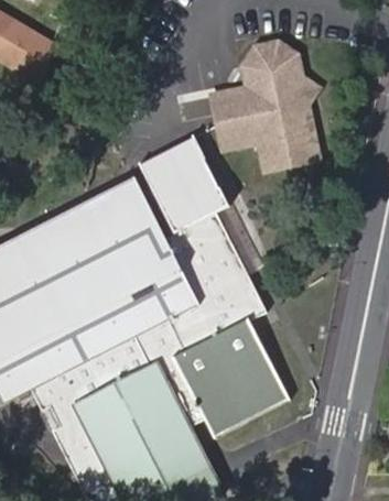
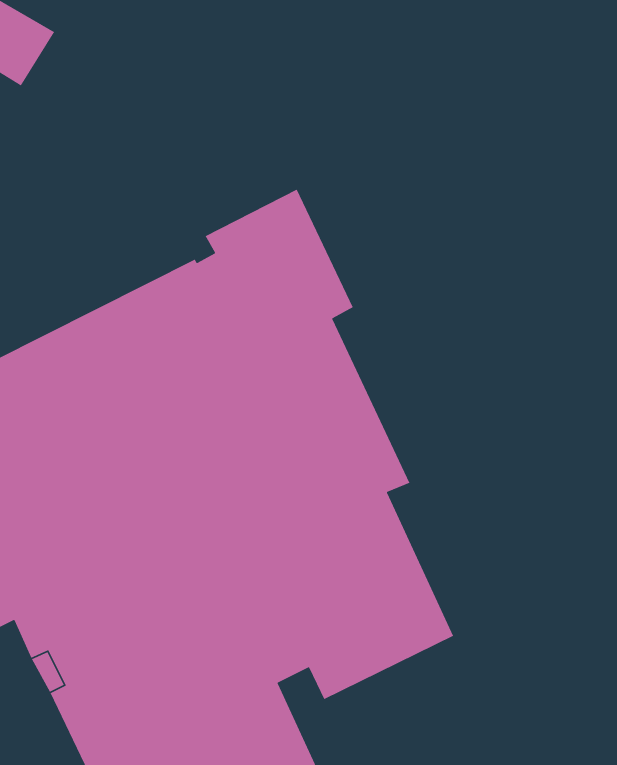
building: [216,43,321,172] -> none

